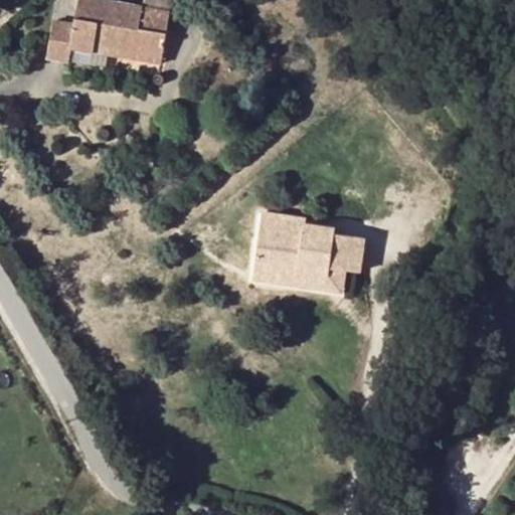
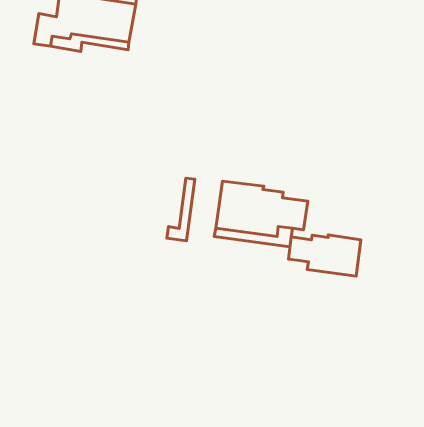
building: none -> [167,178,195,241]
building: none -> [289,235,361,276]

